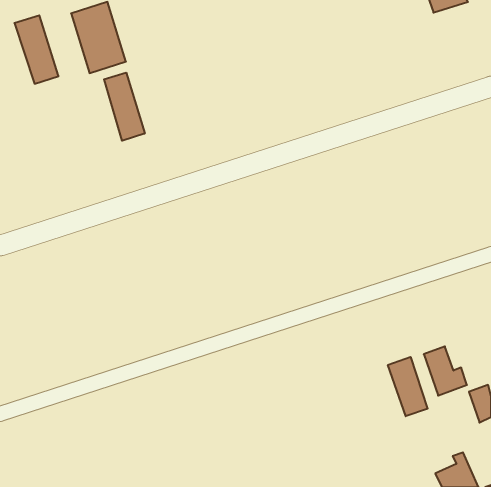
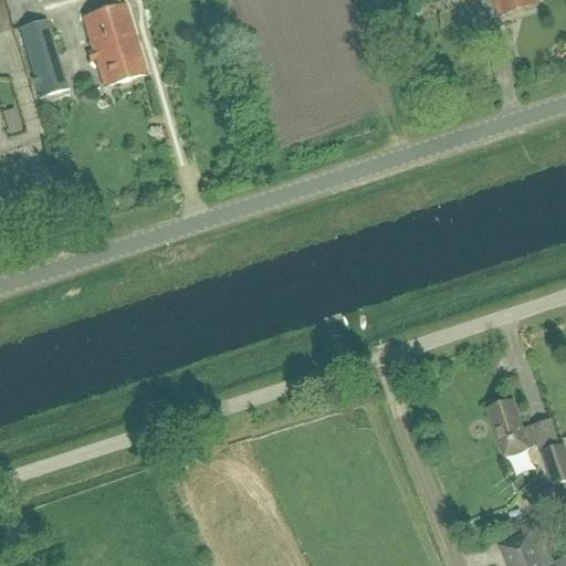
building: [104,73,145,141] -> none
building: [388,357,428,416] -> none

